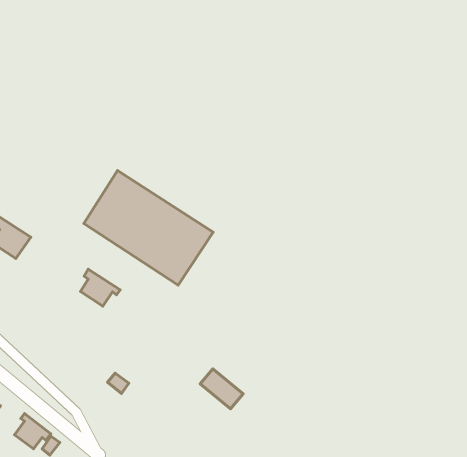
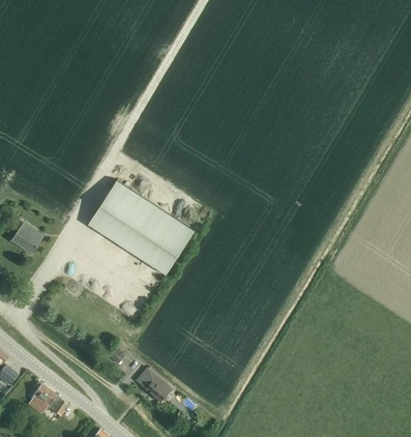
building: [81,269,120,306] -> none
building: [200,369,243,409] -> [137,369,172,402]

